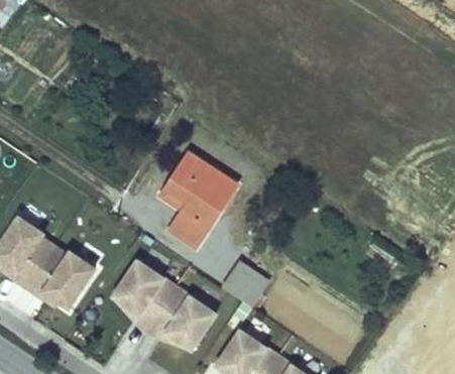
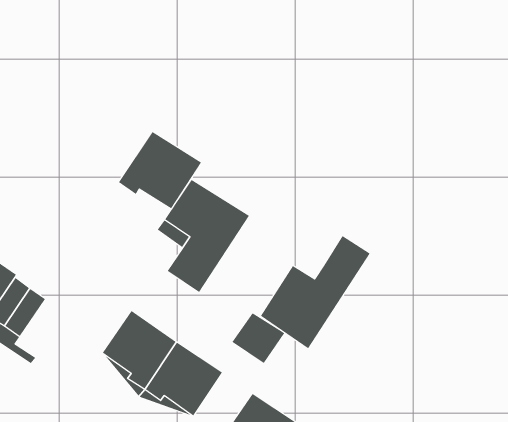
building: none -> [118,131,202,209]
building: none -> [260,235,371,349]
building: [42,250,94,306] -> none

